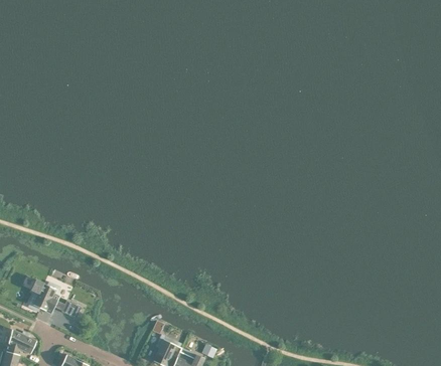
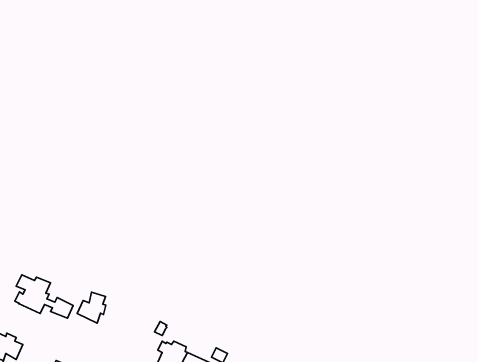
building: none -> [77,292,106,323]

